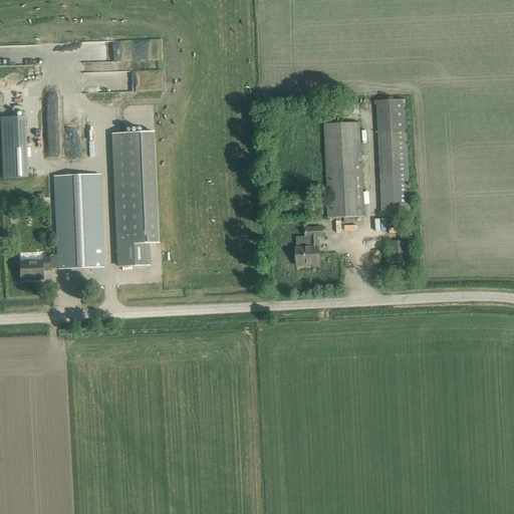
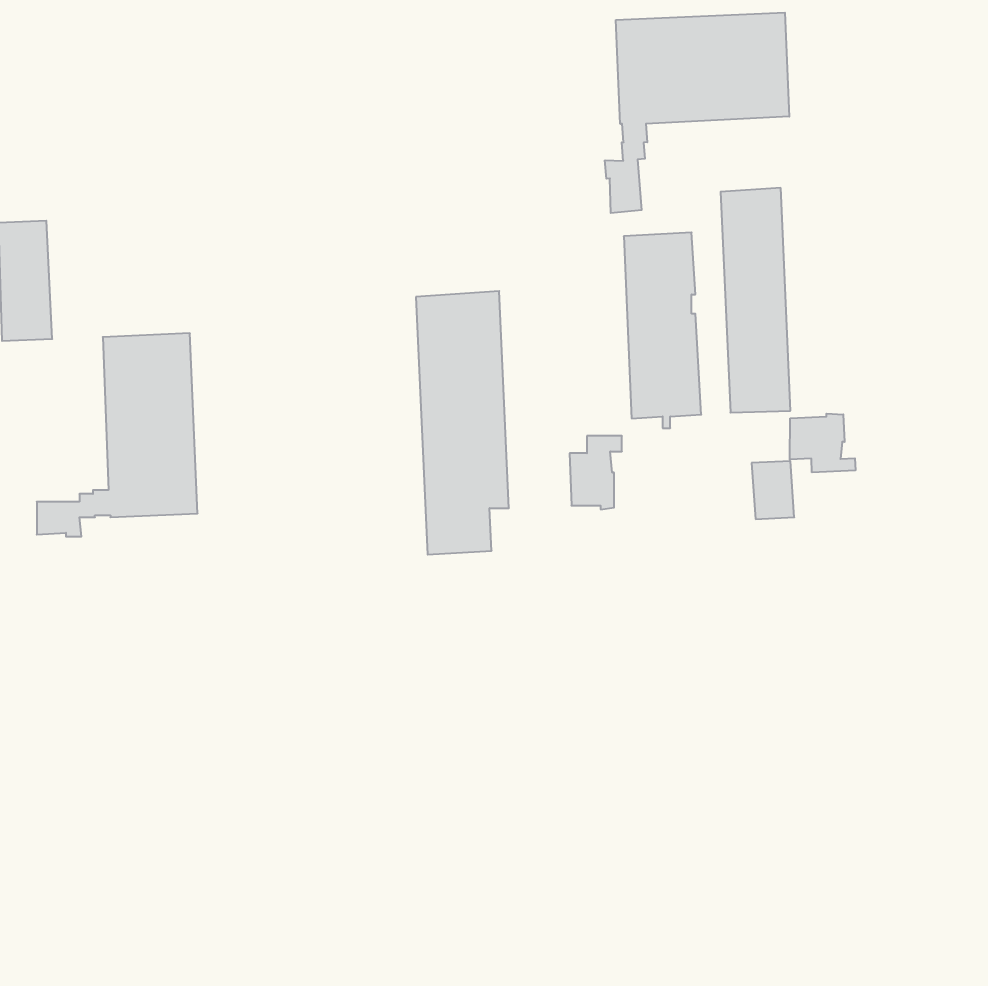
building: none -> [605,13,789,213]
building: [110,130,159,266] -> [416,291,509,555]
building: none -> [790,414,855,472]

